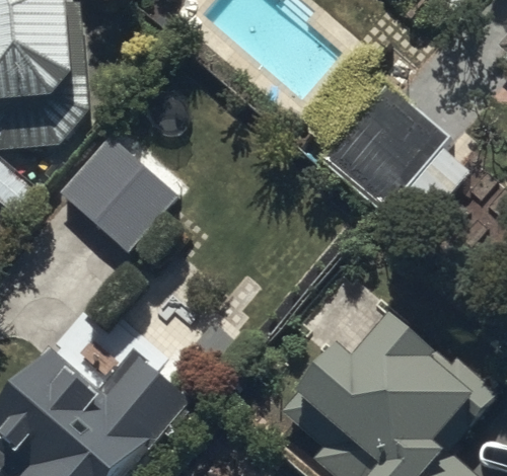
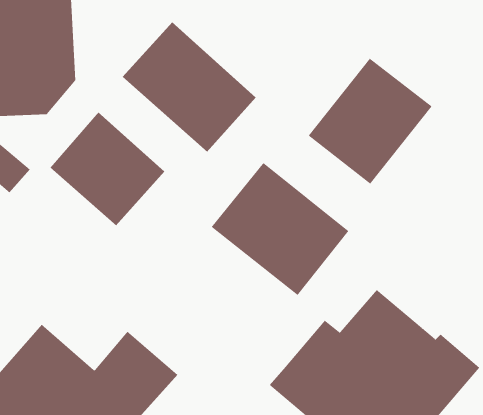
building: none -> [122,22,256,153]
building: none -> [211,162,349,296]

